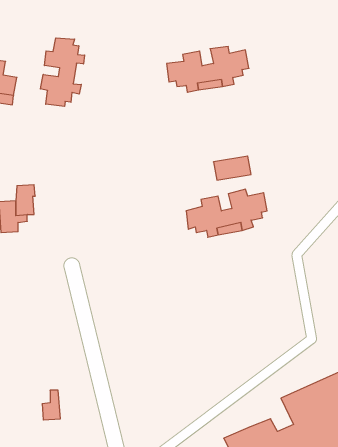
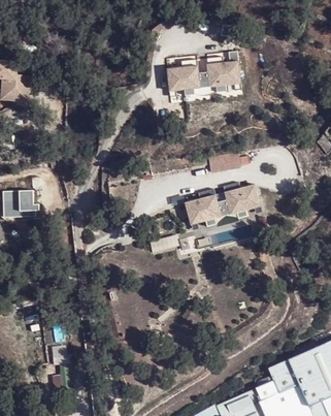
building: [40,38,85,106] -> none

